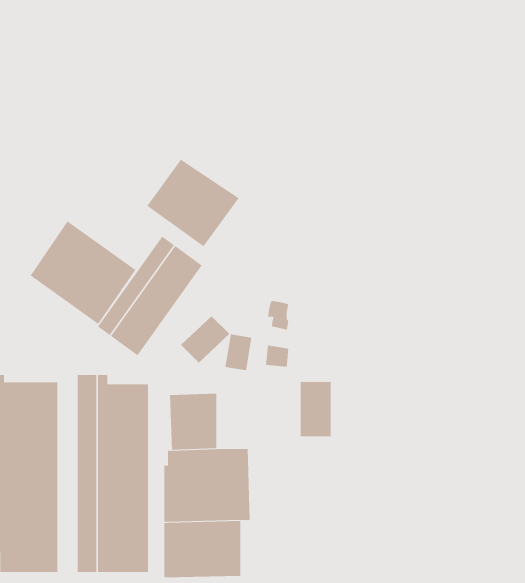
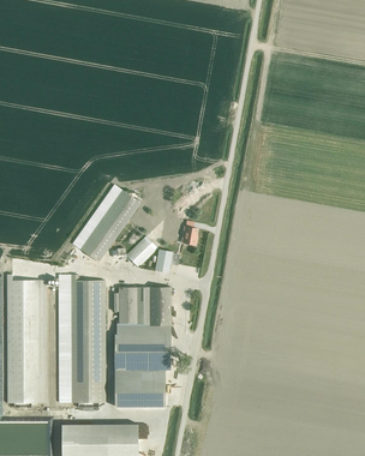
building: [146,159,239,247] -> none
building: [30,220,136,325] -> none
building: [300,381,331,437] -> [149,287,169,323]

